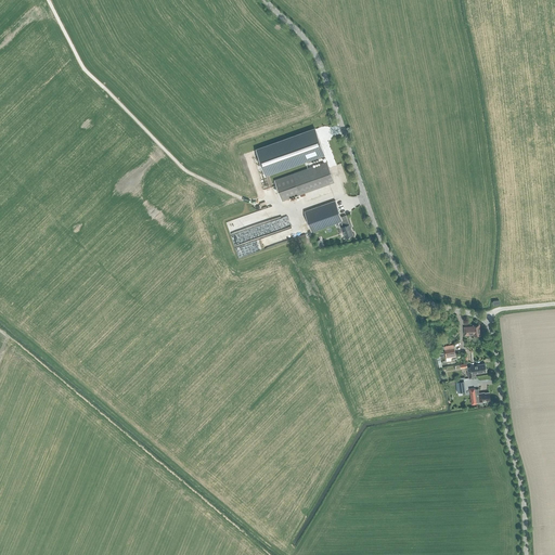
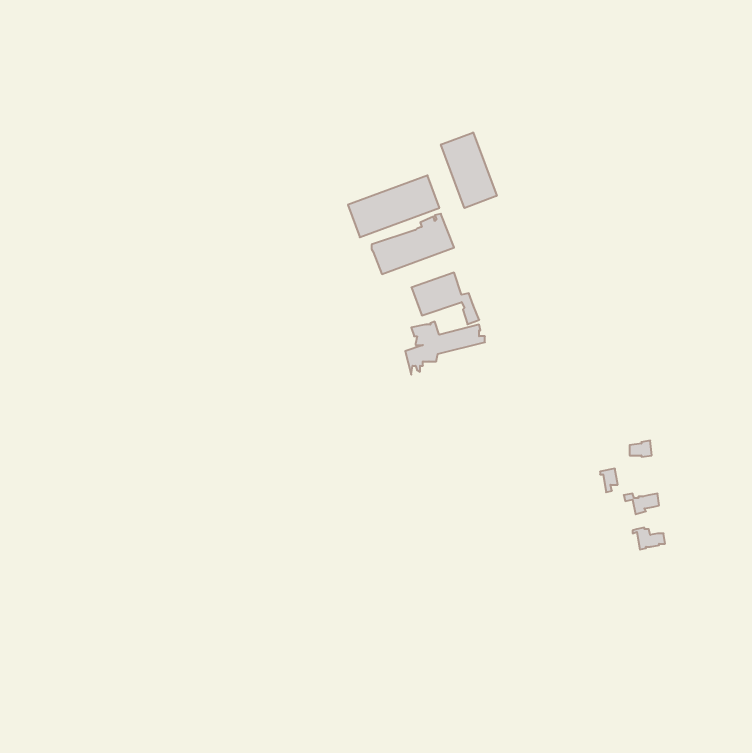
building: none -> [441,132,497,208]
building: [232,214,291,253] -> [405,322,485,375]

